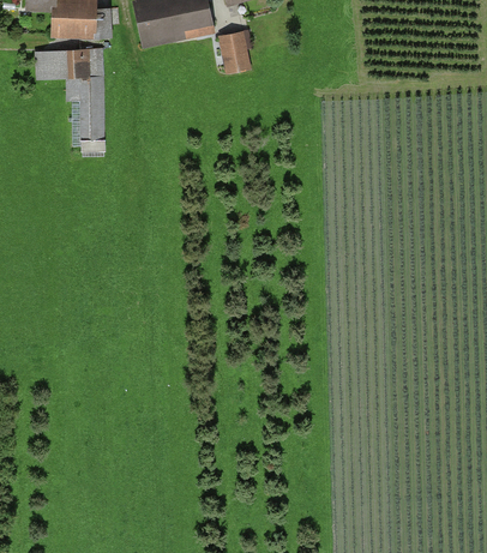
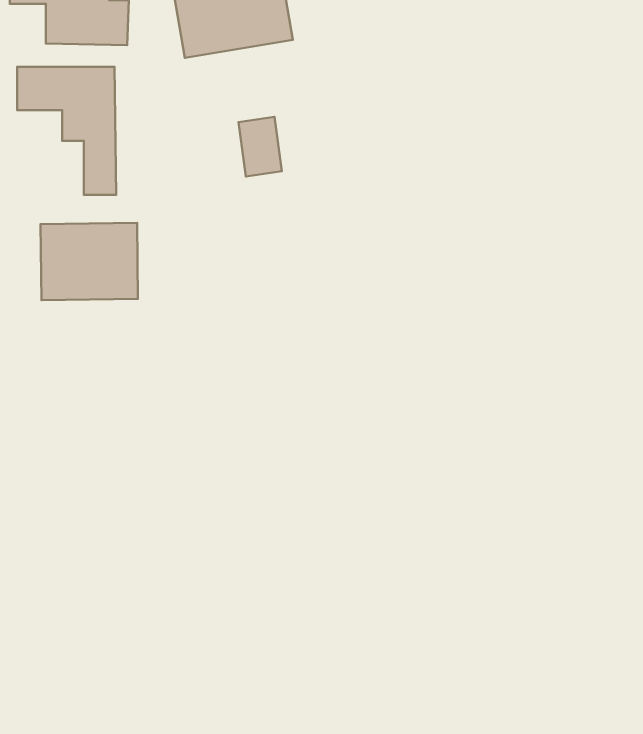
building: [220,36,248,76] -> [239,117,282,176]
building: none -> [41,223,138,300]

